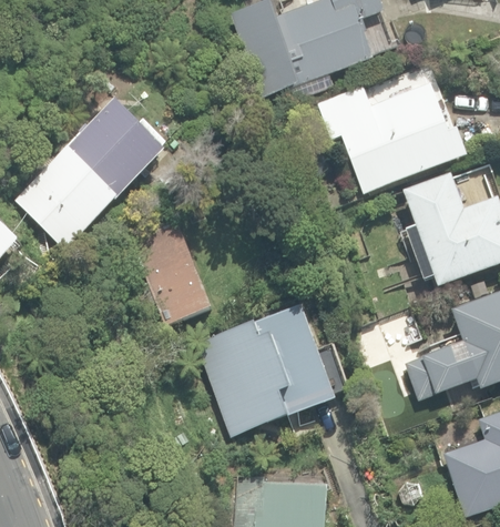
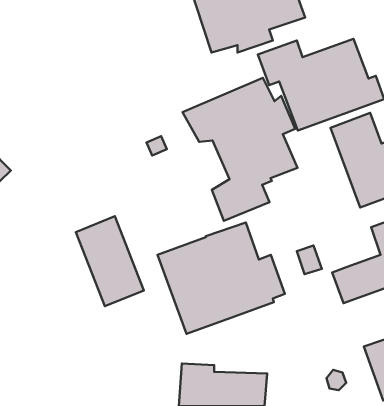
building: [14,100,165,249] -> none
building: none -> [182,78,297,221]
building: [131,217,212,325] -> [76,216,144,306]

